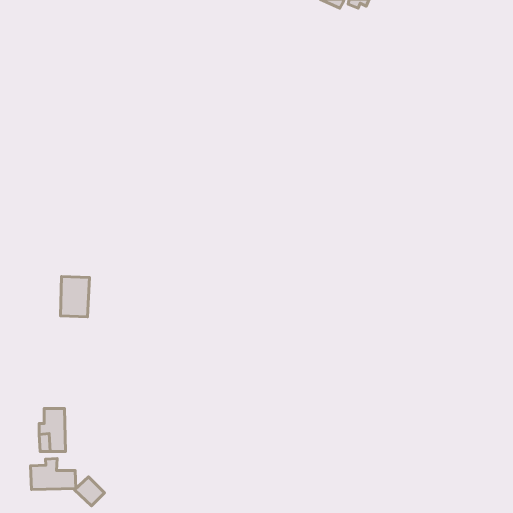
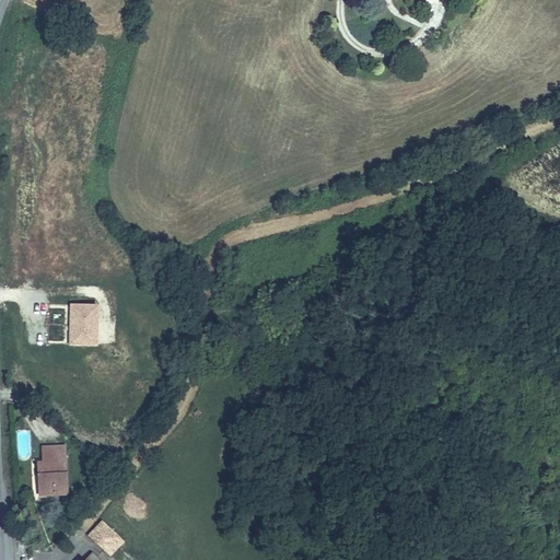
building: [30,459,76,489] -> none

